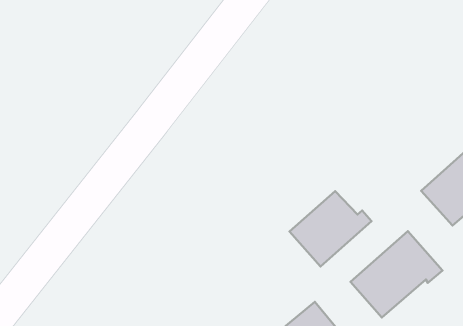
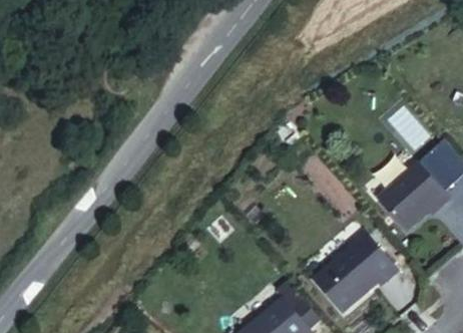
building: [290,191,371,267] -> none

